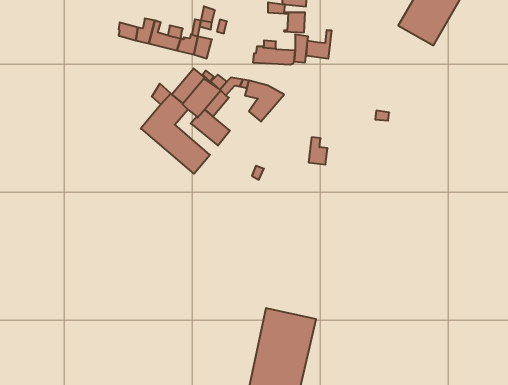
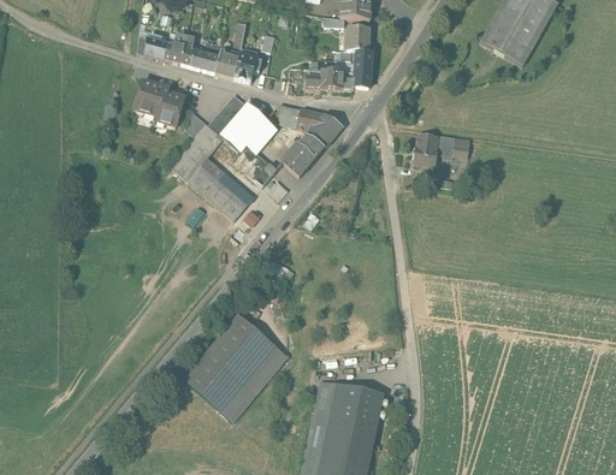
building: [306,30,331,59] -> none
building: none -> [134,79,184,126]
building: none -> [283,142,315,174]
building: [309,137,328,164] -> [414,133,437,166]
building: none -> [183,313,288,421]

